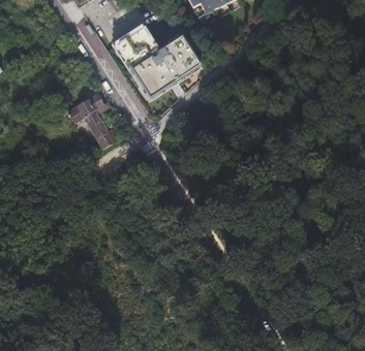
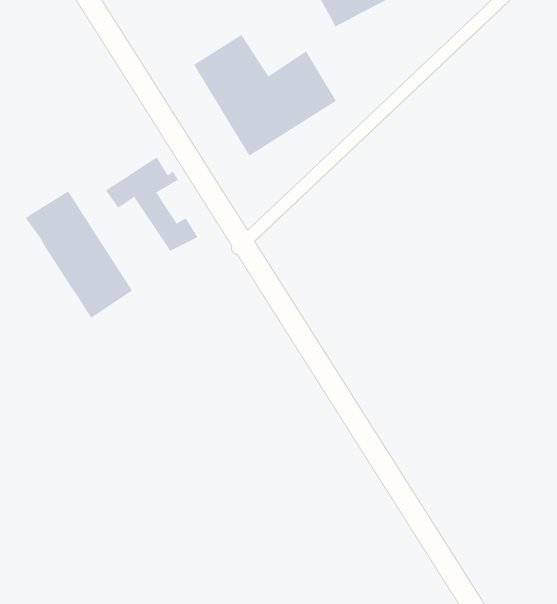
building: none -> [25,190,133,319]

